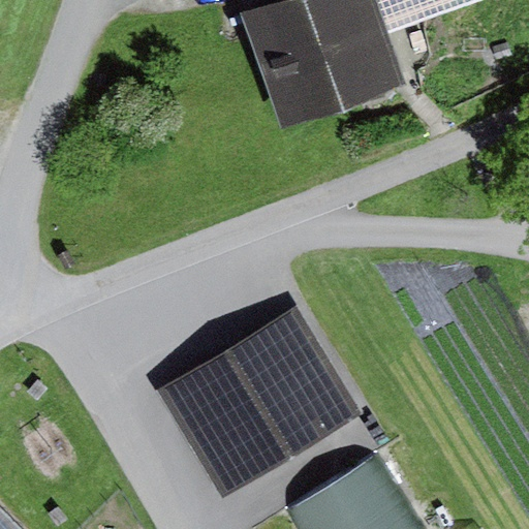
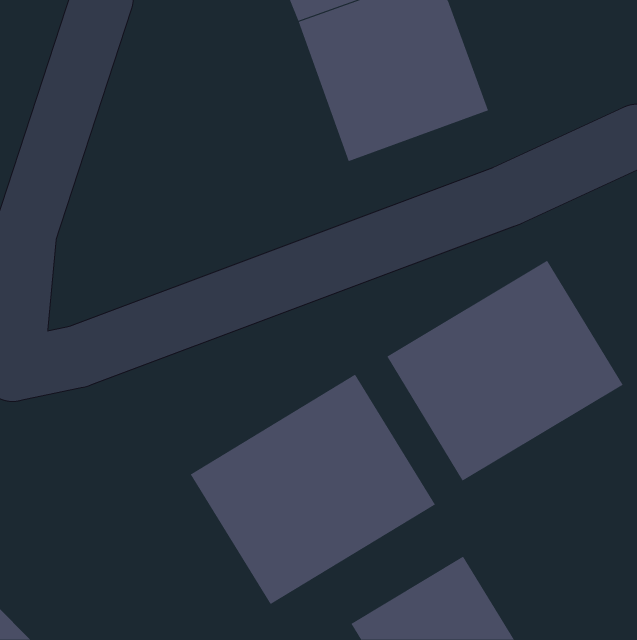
building: none -> [387,260,623,482]

